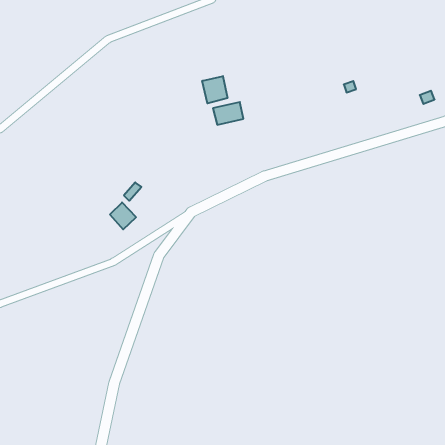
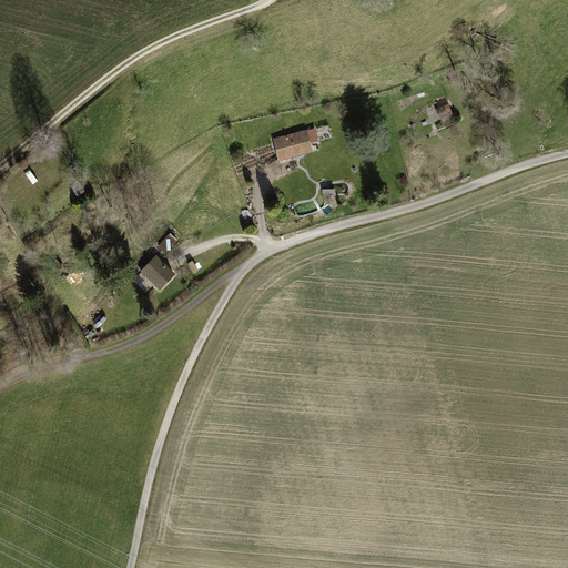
building: [202,76,227,103] -> none

